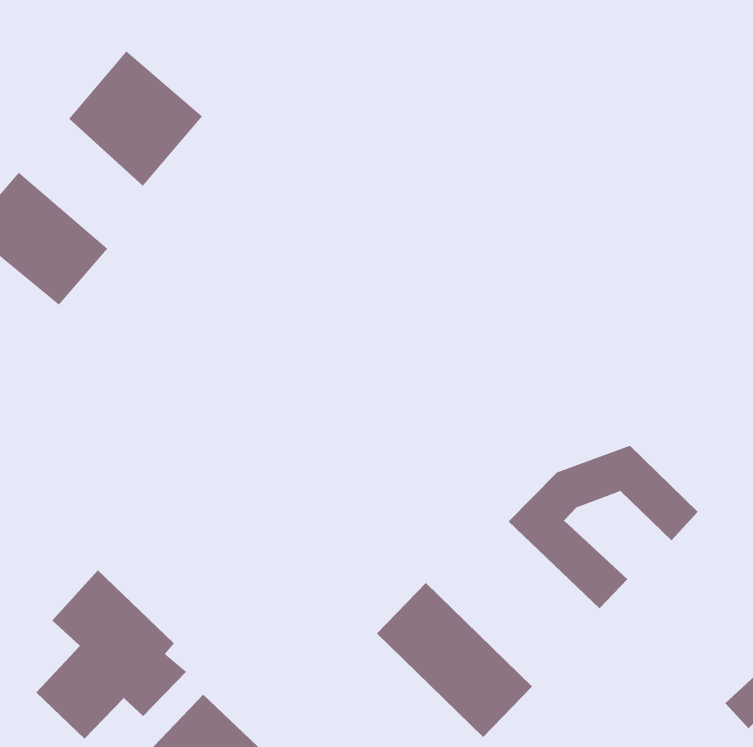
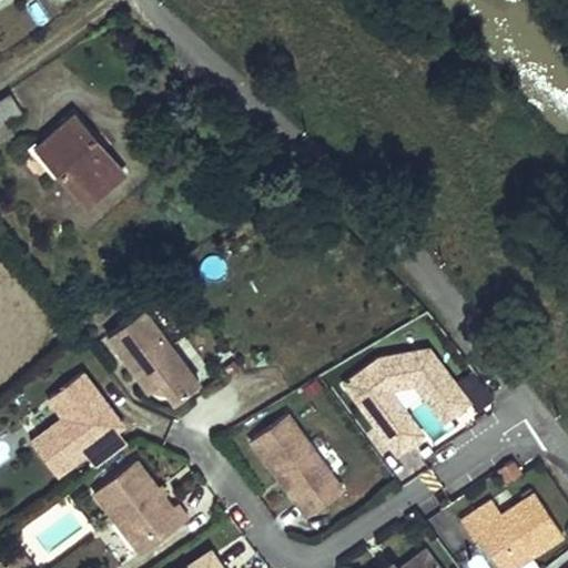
building: [68,50,203,186] -> none
building: none -> [108,310,199,403]
building: none -> [381,379,468,456]

